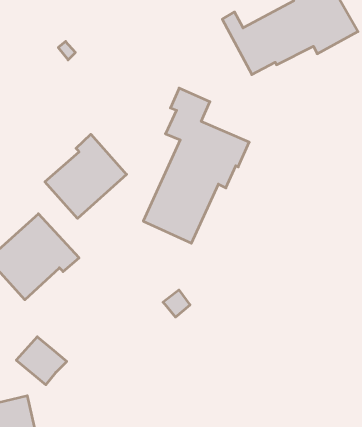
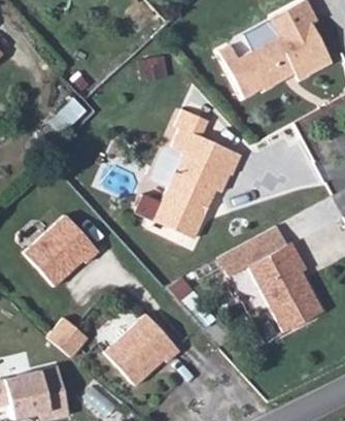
building: [45,134,127,218] -> none
building: none -> [226,225,323,332]
building: none -> [105,313,180,385]

